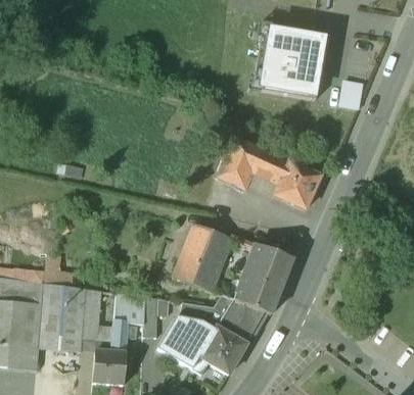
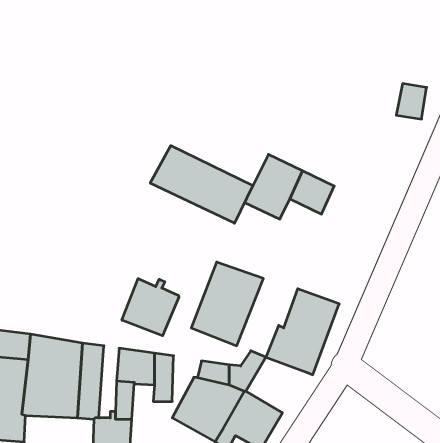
building: [255,27,326,100] -> none
building: none -> [150,146,253,223]
building: [274,161,320,209] -> none
building: none -> [122,279,179,336]
building: [218,300,267,345] -> none

